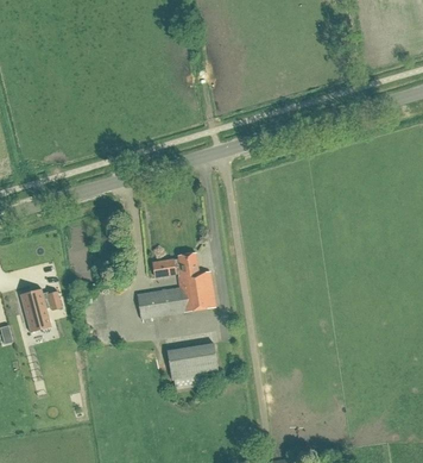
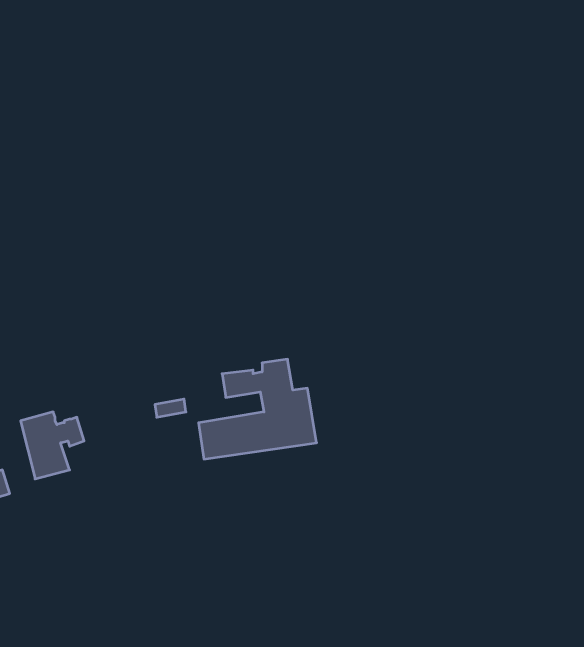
building: [177,343,227,381] -> none

